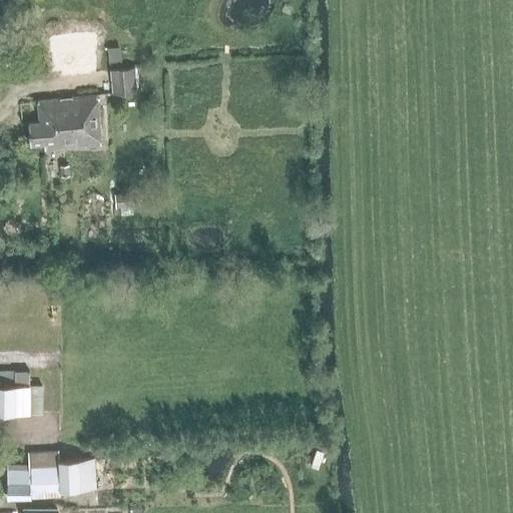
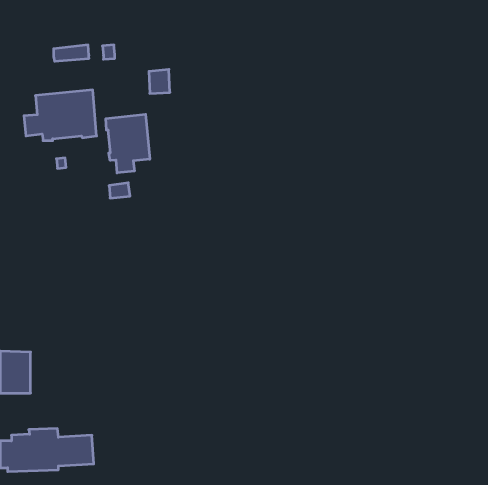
building: [111,71,133,96] -> [149,69,170,93]
building: none -> [106,114,150,173]

